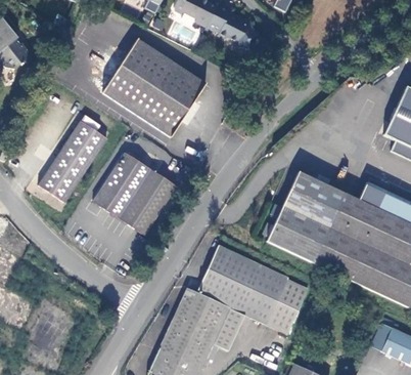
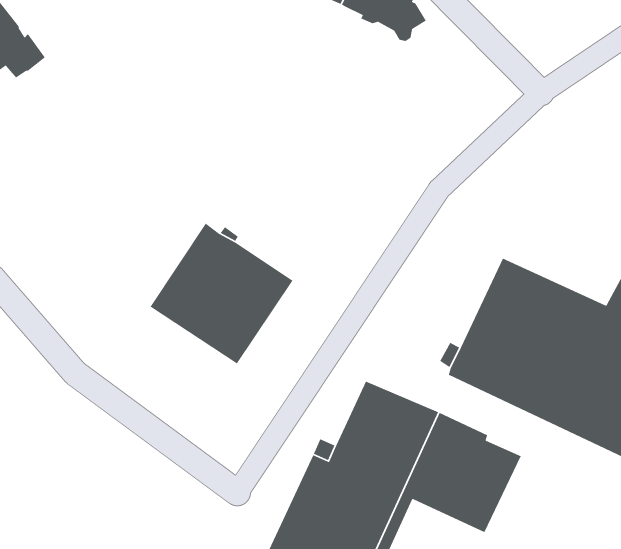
building: [105,39,209,138] -> none
building: [39,120,107,202] -> none

